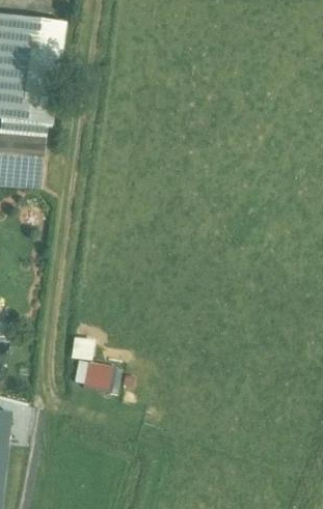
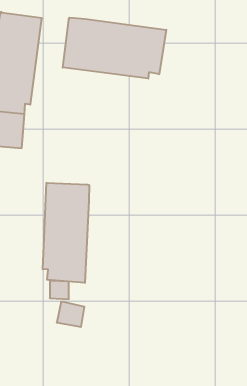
building: none -> [63,18,166,79]
building: none -> [43,183,89,283]

